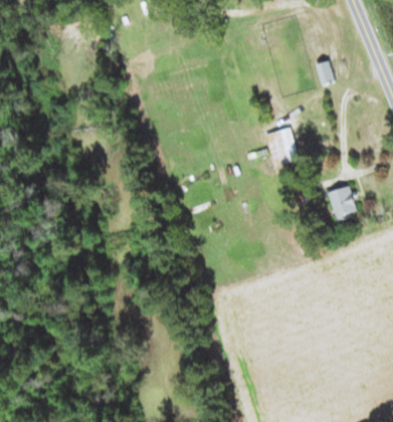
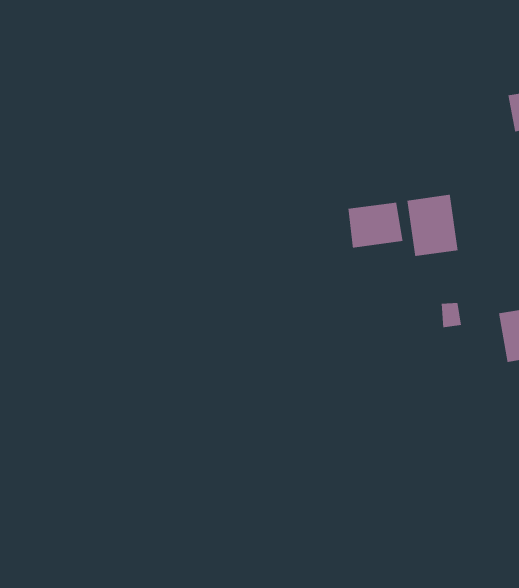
building: none -> [348,202,403,249]

